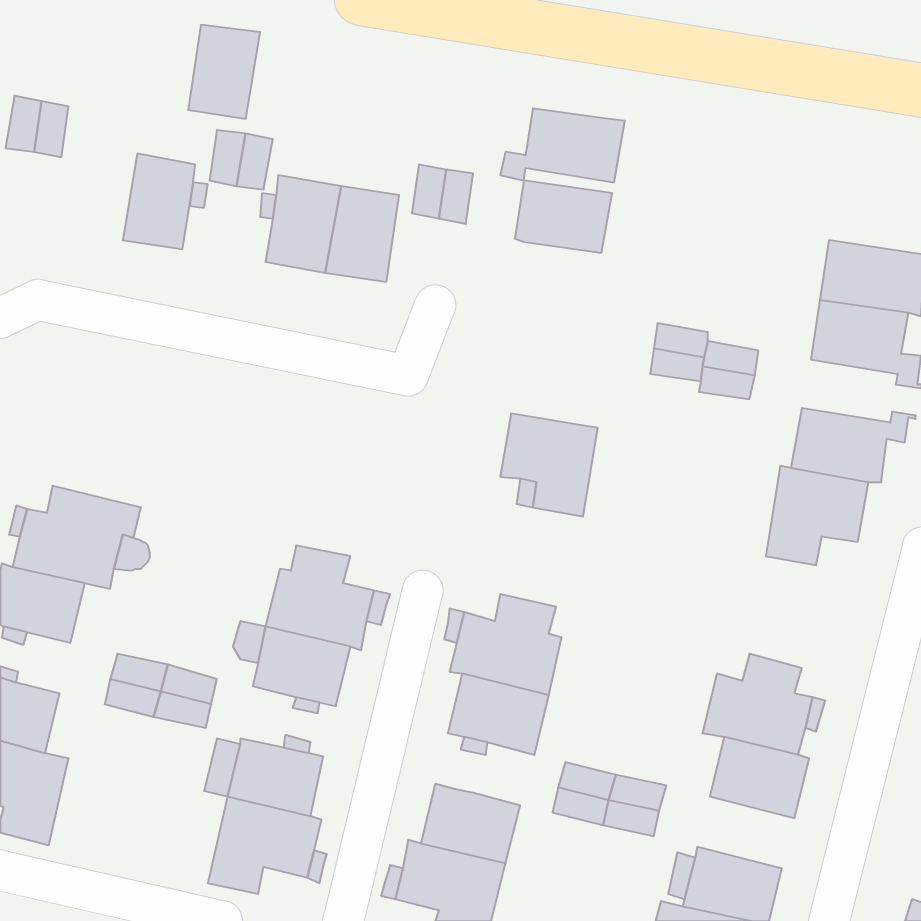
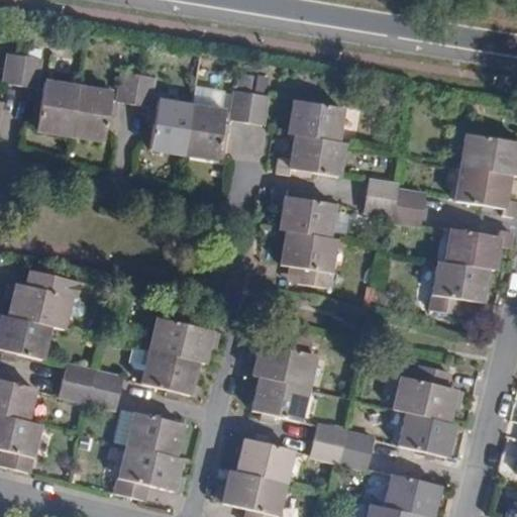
building: [188,25,260,119] -> [37,82,78,134]
building: [500,108,625,182] -> [276,135,345,177]
building: none -> [272,188,334,238]

